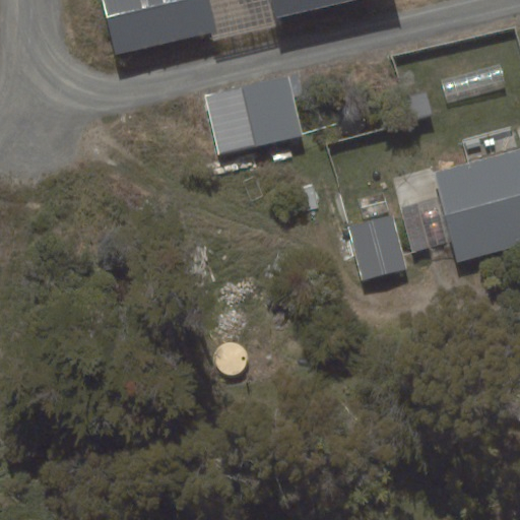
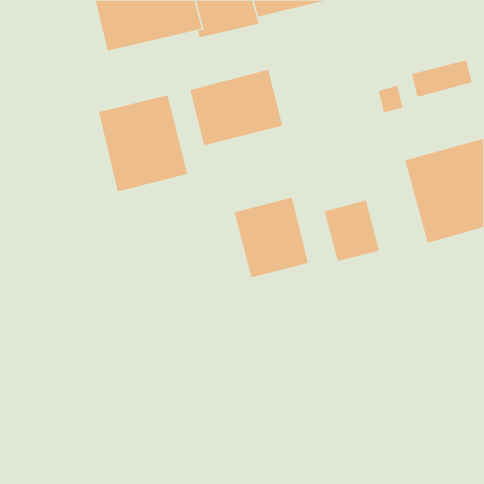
building: none -> [99,95,188,192]
building: none -> [234,197,308,278]

